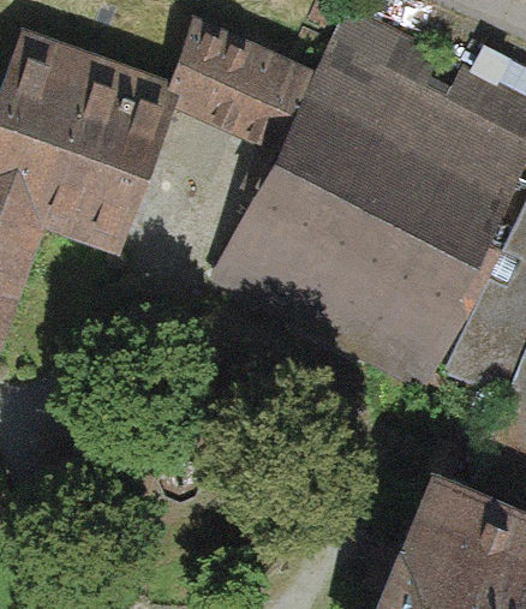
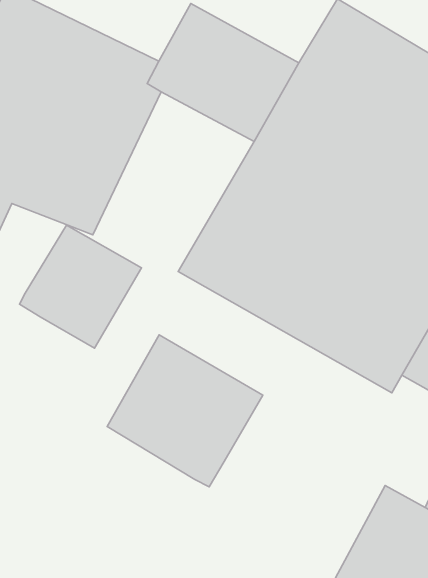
building: none -> [20,225,141,348]
building: none -> [107,335,263,487]

